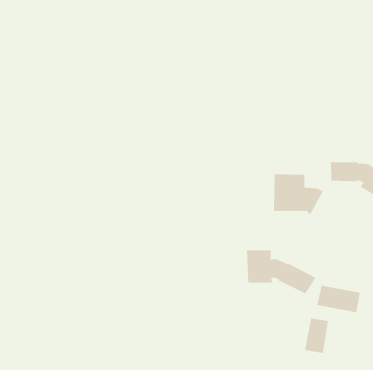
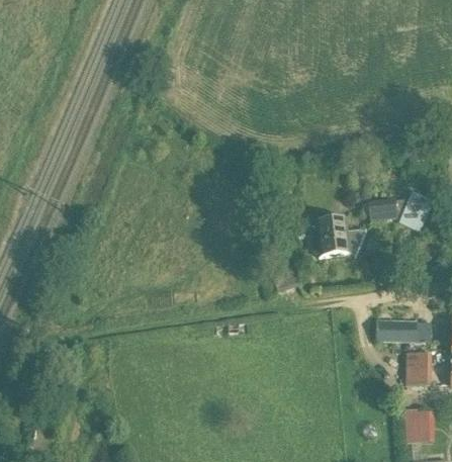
building: [246,250,316,294] -> none
building: [304,318,329,353] -> [405,352,425,384]

